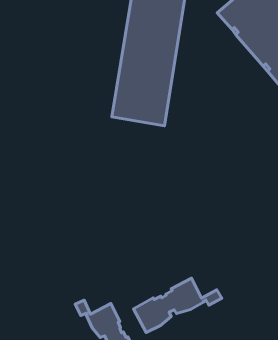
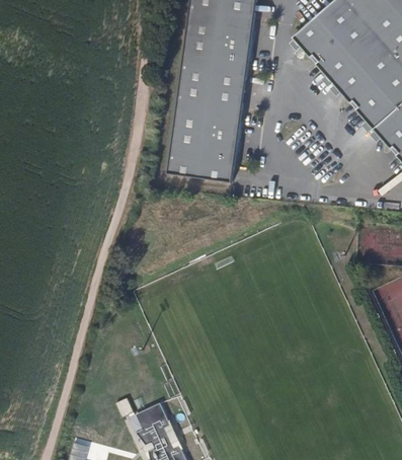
building: [134,278,222,333] -> none

